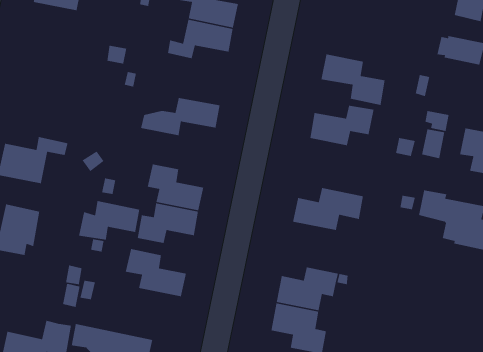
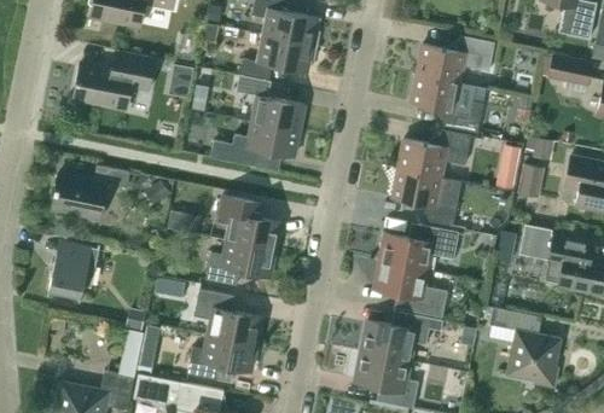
building: none -> [417,35,494,82]
building: none -> [74,50,156,109]
building: none -> [237,75,304,130]
building: none -> [393,168,457,226]
building: [78,200,140,241] -> [187,335,256,379]
building: none -> [374,261,447,318]
building: none -> [483,306,562,388]

